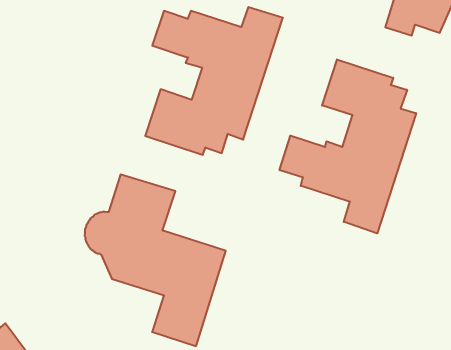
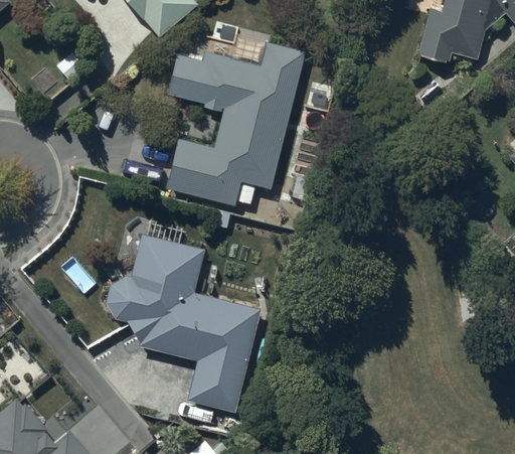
building: [280,59,416,233] -> none

